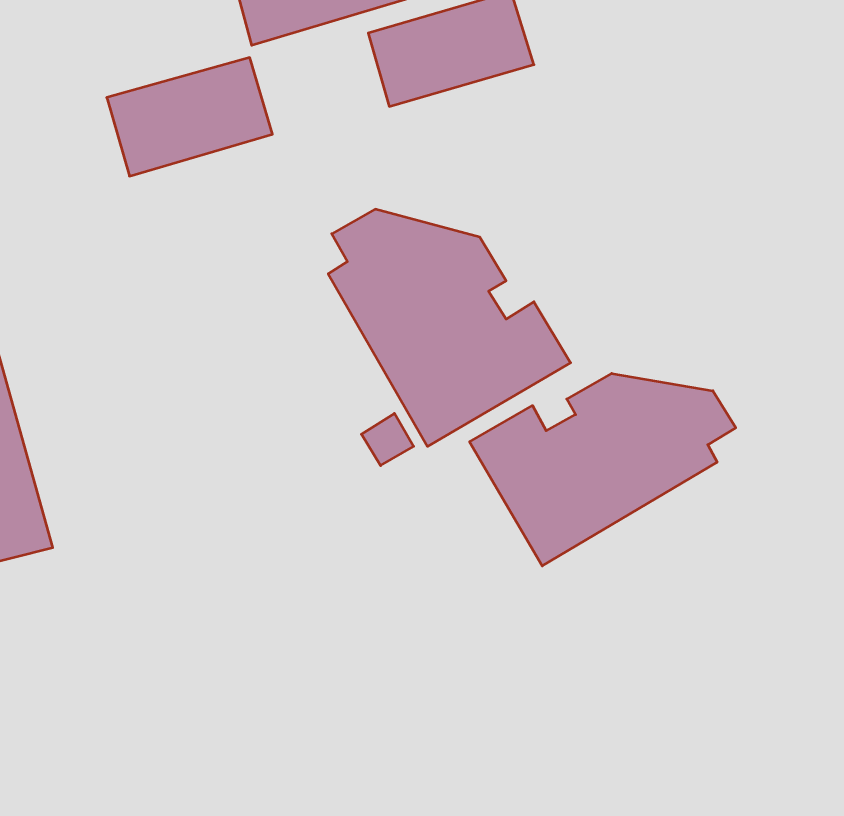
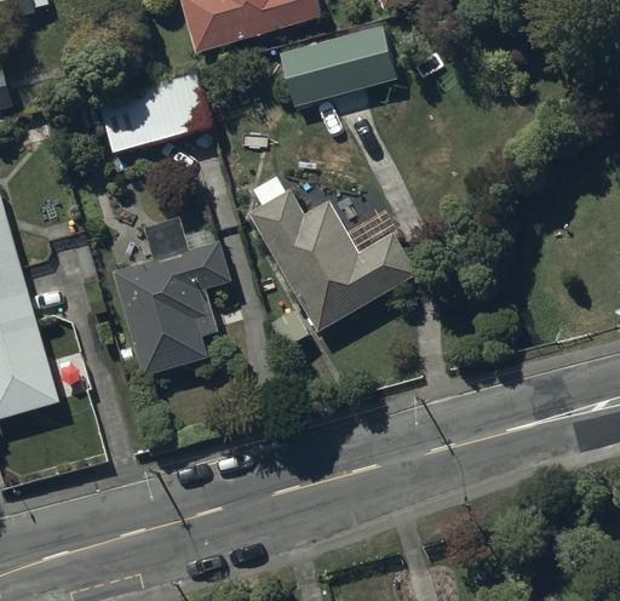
building: none -> [114,219,230,376]
building: [470,373,736,566] -> none

